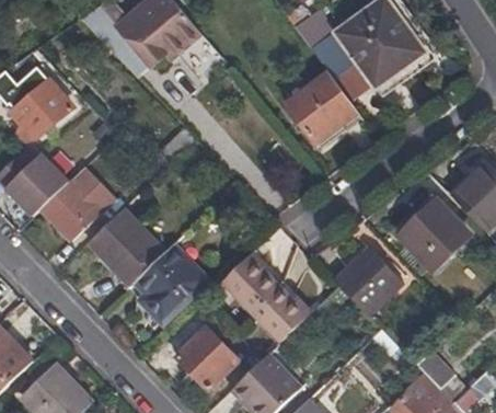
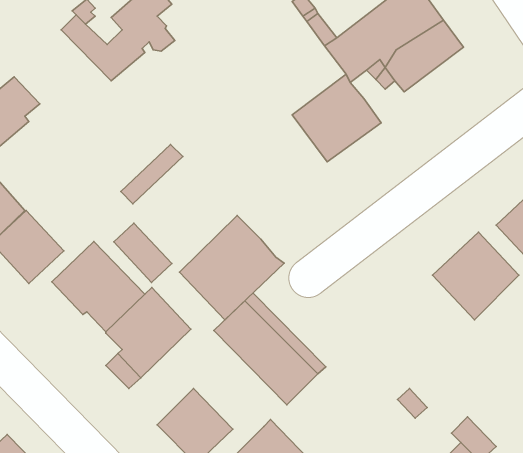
building: [70,168,117,216] -> [114,223,172,282]
building: none -> [179,216,284,320]
building: [336,249,404,317] -> none

